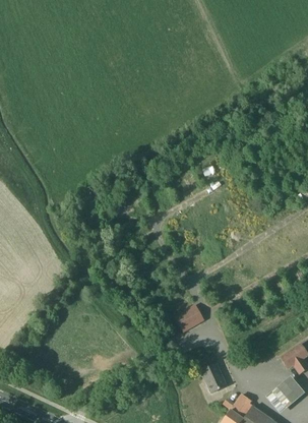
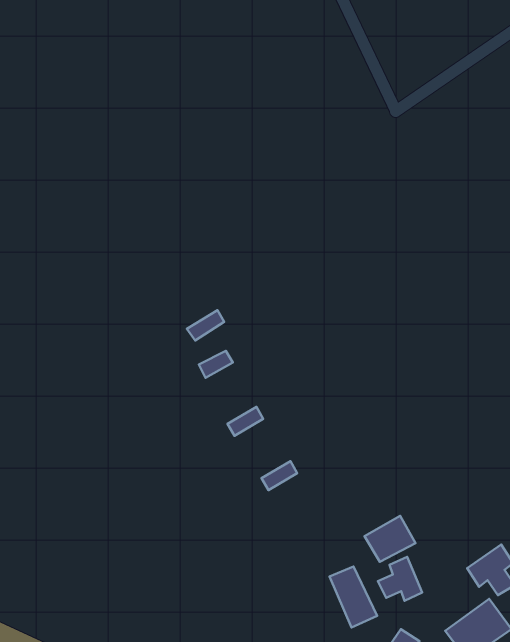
building: [174,304,204,331] -> [365,516,416,562]
building: none -> [378,557,422,601]

